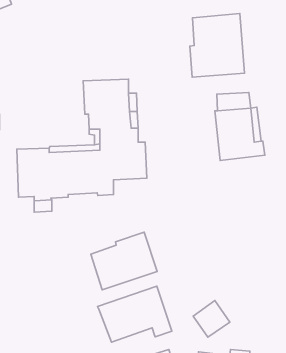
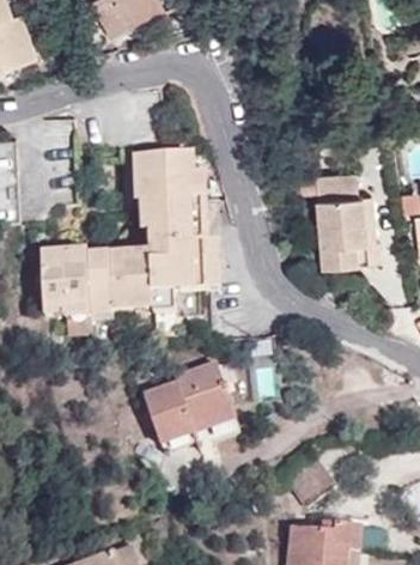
building: [190,14,245,77] -> none
building: [98,286,172,342] -> none

